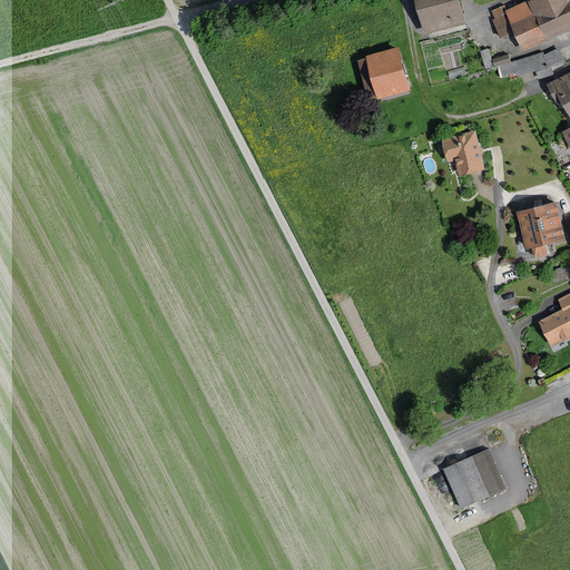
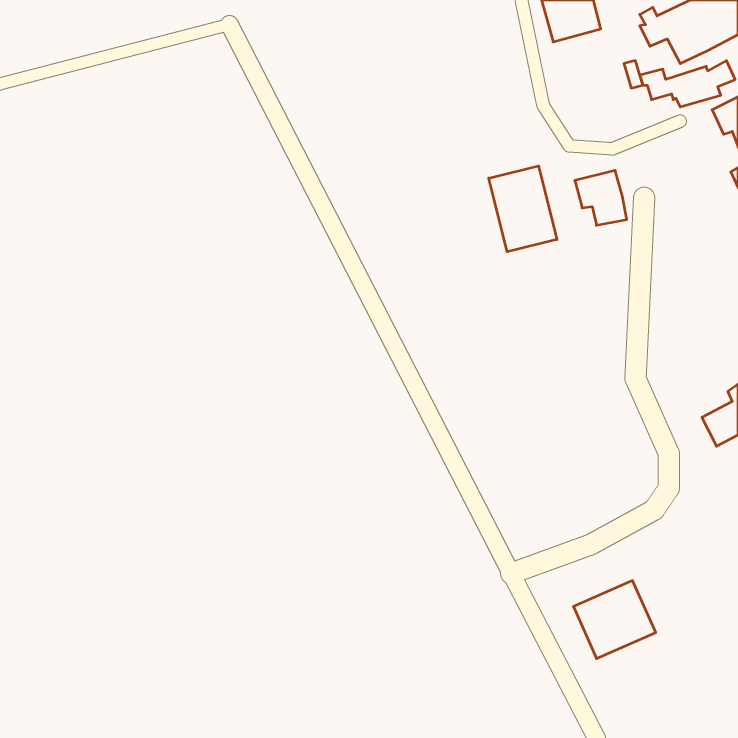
building: [367,49,409,98] -> none
building: none -> [489,166,557,252]
building: [519,204,563,257] -> none

